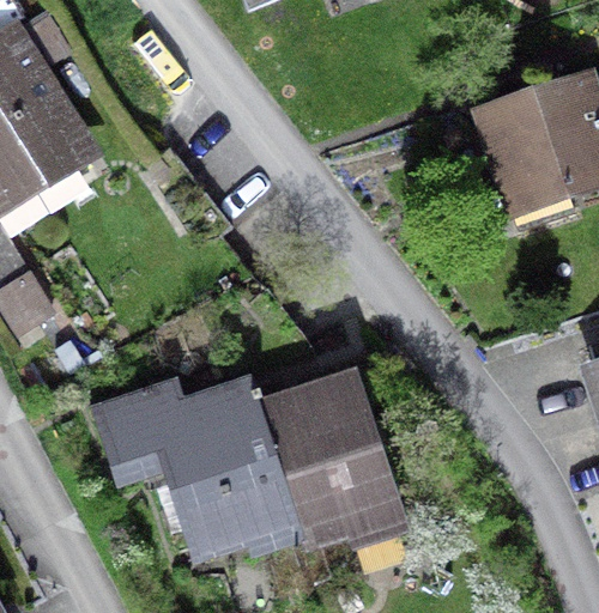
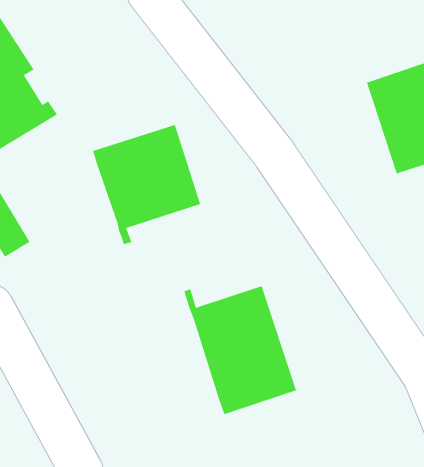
building: none -> [92,124,201,245]
building: [99,380,290,547] -> none

